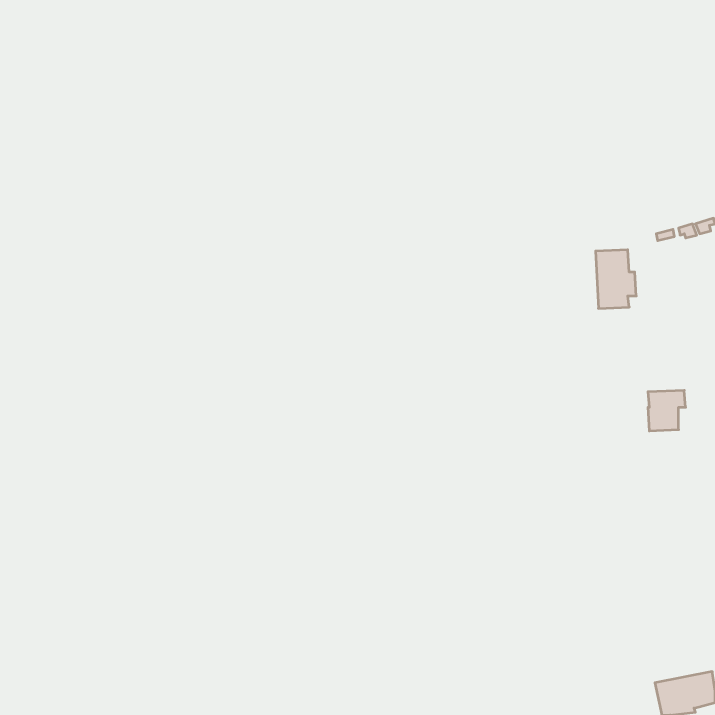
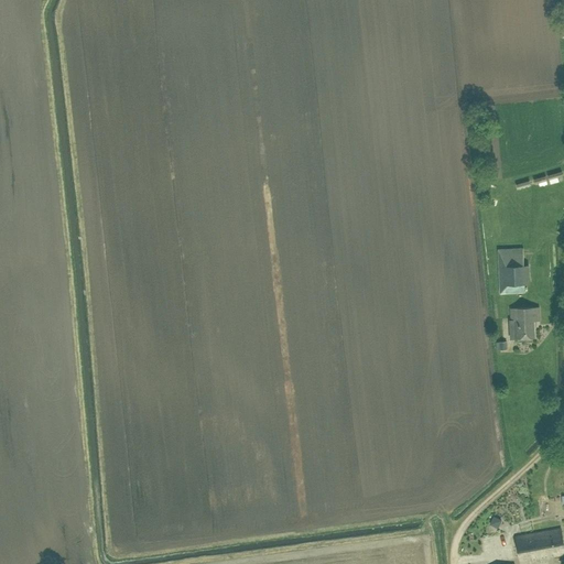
building: [596,250,636,308] -> [498,248,530,294]

